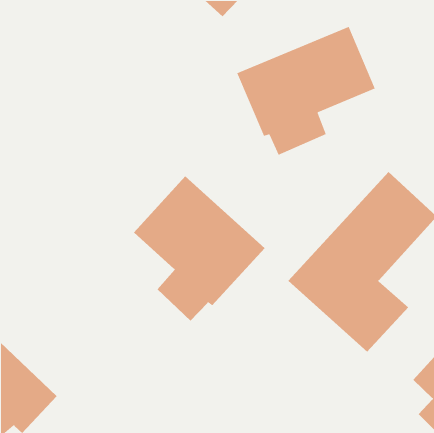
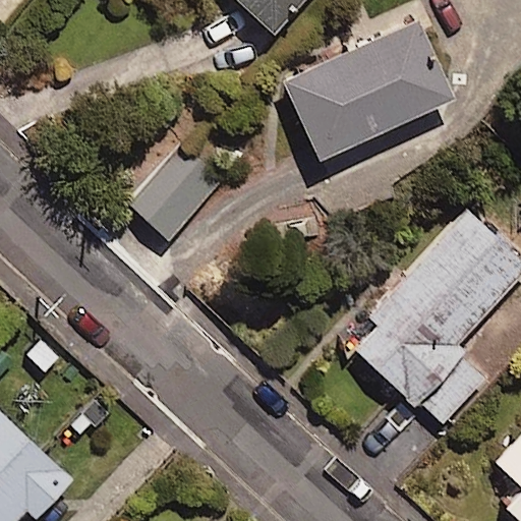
building: none -> [123,139,221,238]
building: [133,175,265,322] -> none

